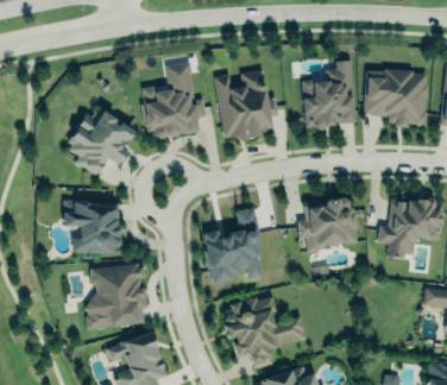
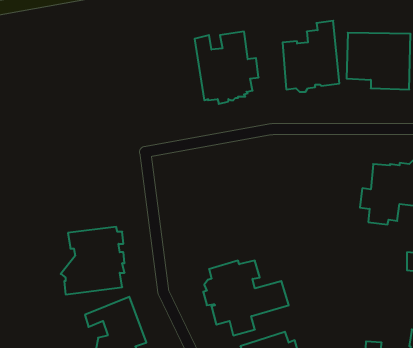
building: [140,62,206,139] -> none
building: [68,108,136,175] -> none
building: [298,197,358,252] -> none
building: [64,201,121,253] -> none
building: [203,208,264,284] -> none

